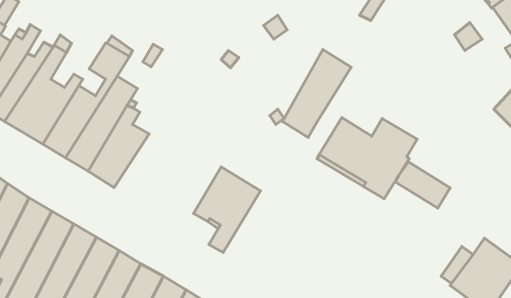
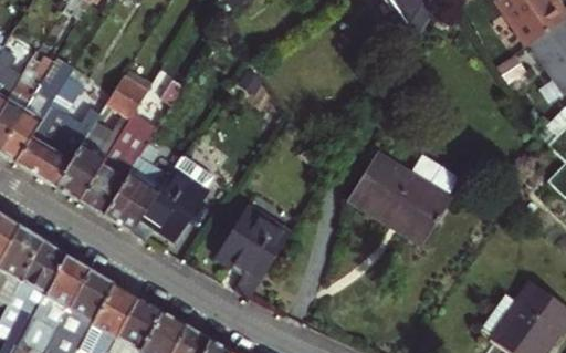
building: [282,50,351,137] -> none
building: none -> [133,154,212,238]
building: [395,162,450,208] -> none

